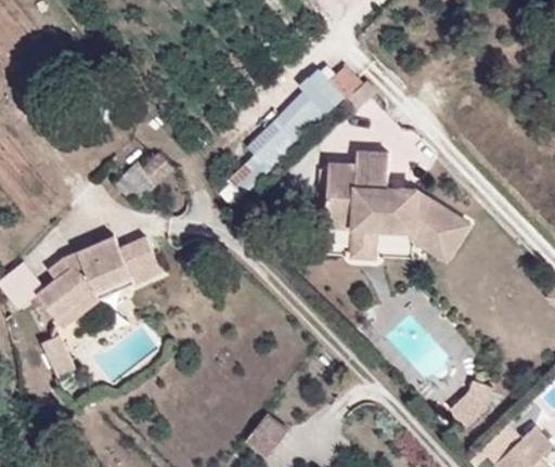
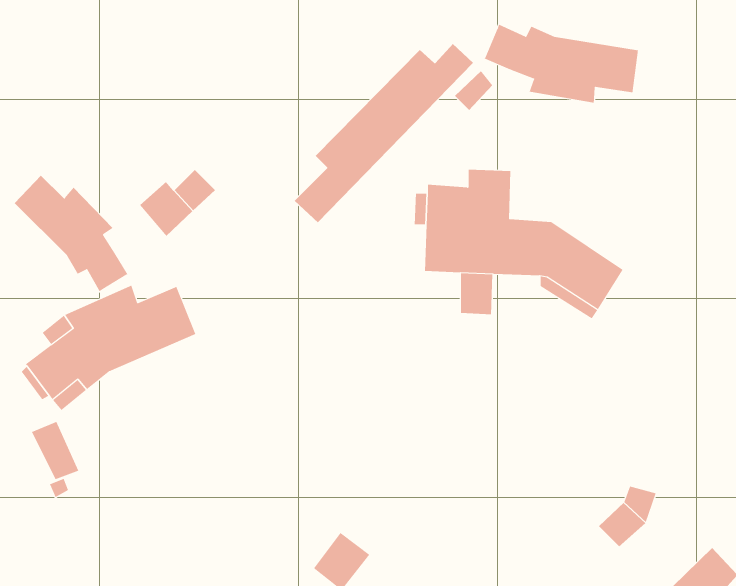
building: none -> [484,24,638,103]
building: none -> [14,175,128,292]

